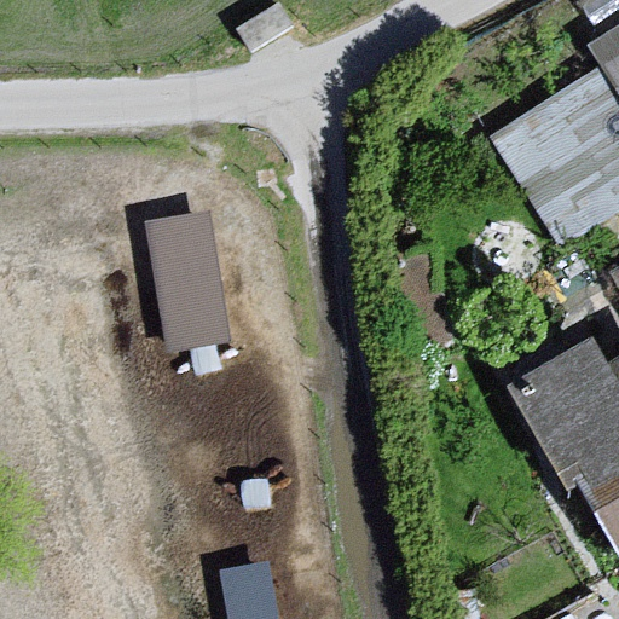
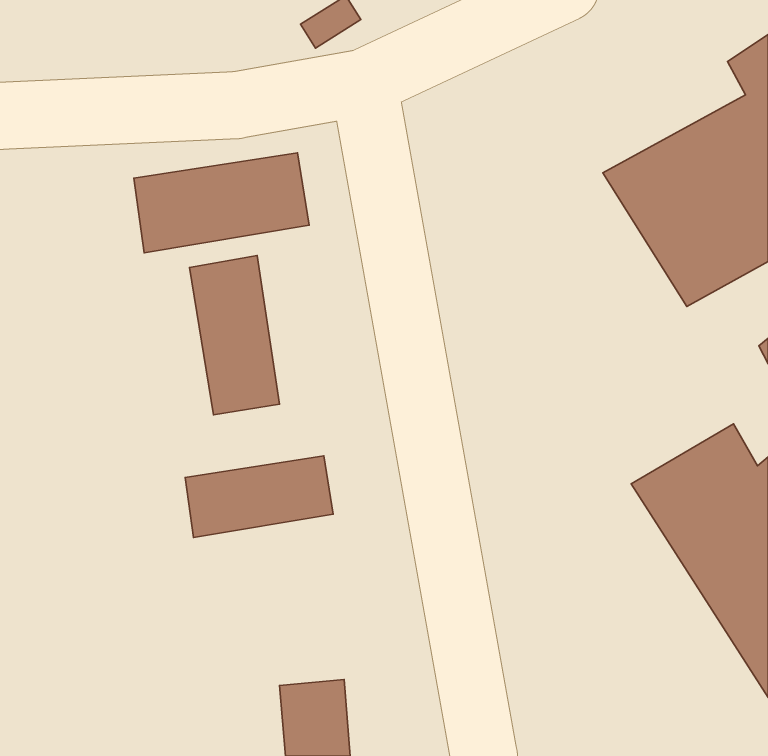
building: none -> [134,153,309,253]
building: none -> [185,456,333,537]

